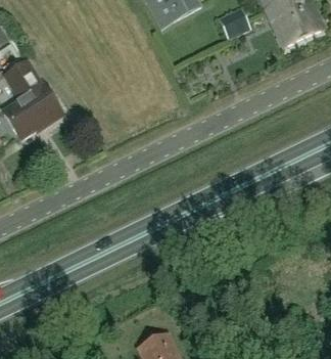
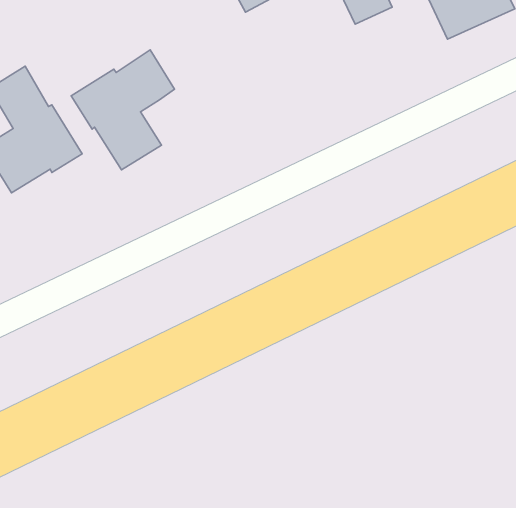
building: none -> [71,50,175,170]

